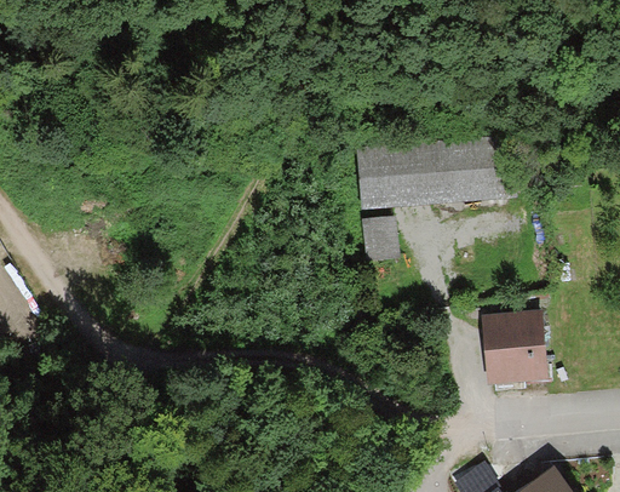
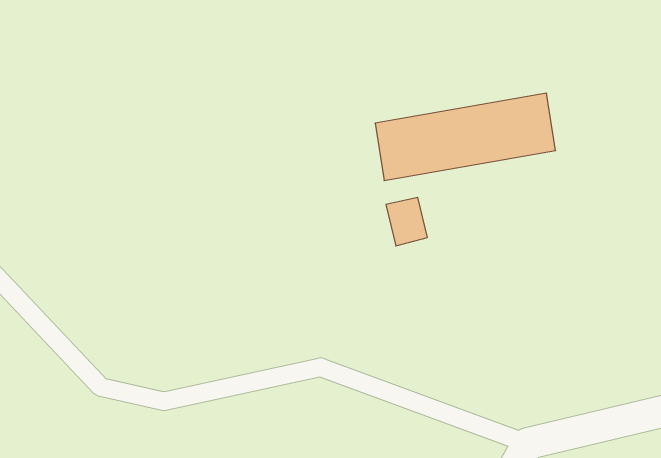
building: [487,310,544,377] -> none

